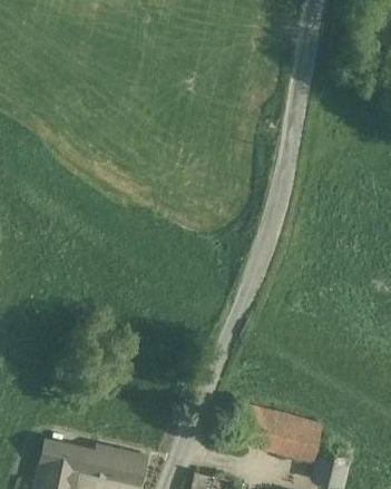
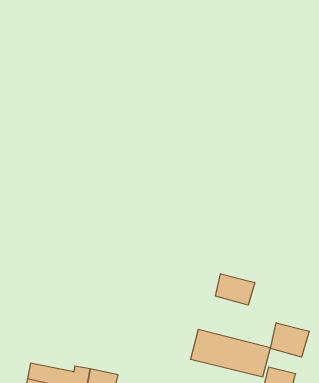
building: none -> [215,274,255,305]
building: none -> [270,323,309,357]

